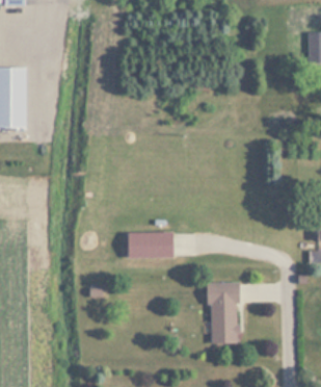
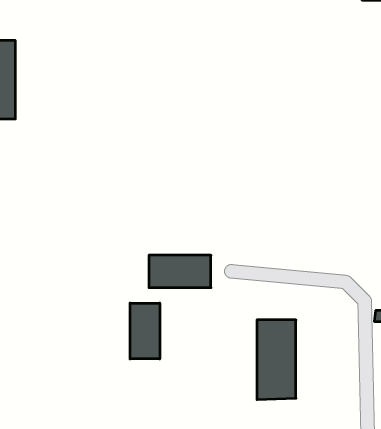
building: none -> [130,303,160,359]

